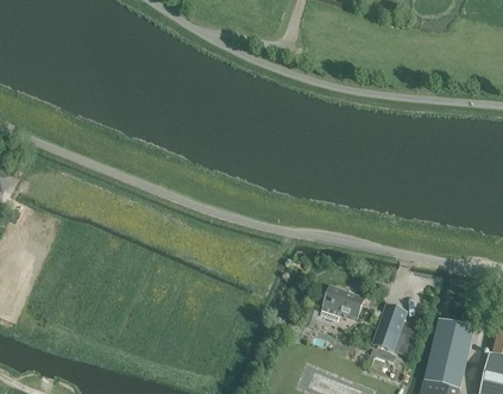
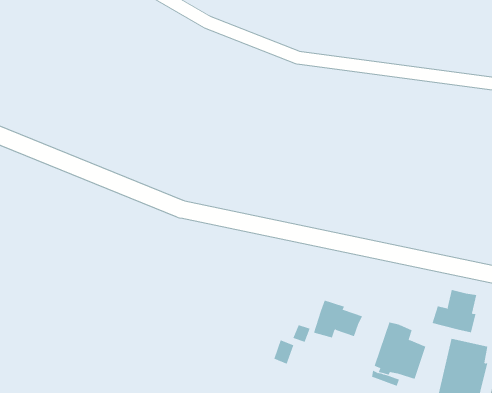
building: none -> [432,289,477,333]

